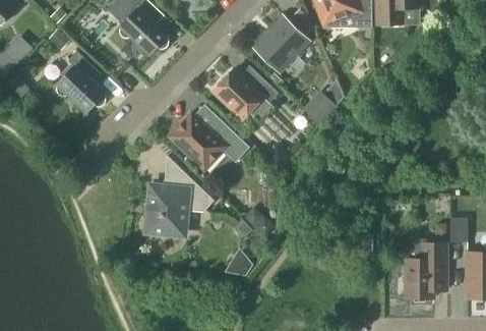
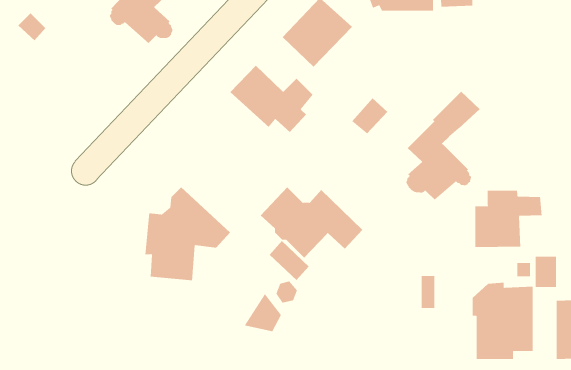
building: [55,51,105,111] -> none
building: none -> [406,91,480,200]
building: [169,113,249,169] -> [260,187,363,259]
building: none -> [475,190,542,248]

